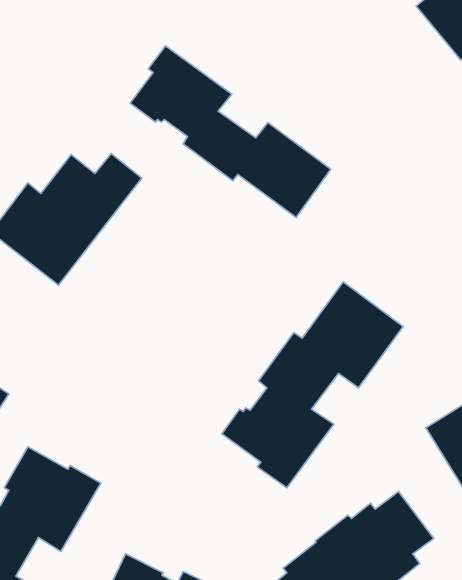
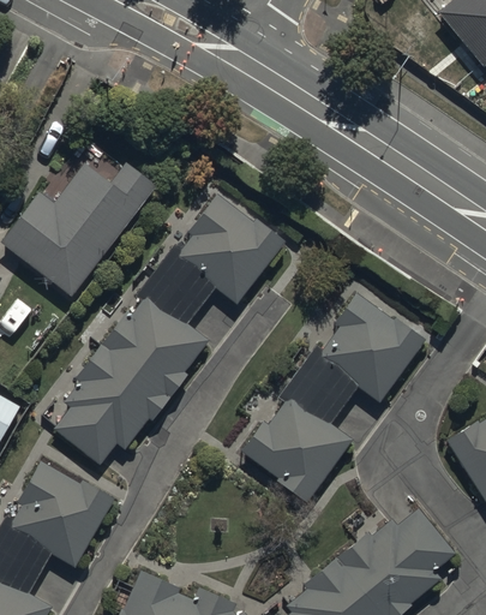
building: [130,46,331,218] -> none
building: none -> [54,192,288,467]

